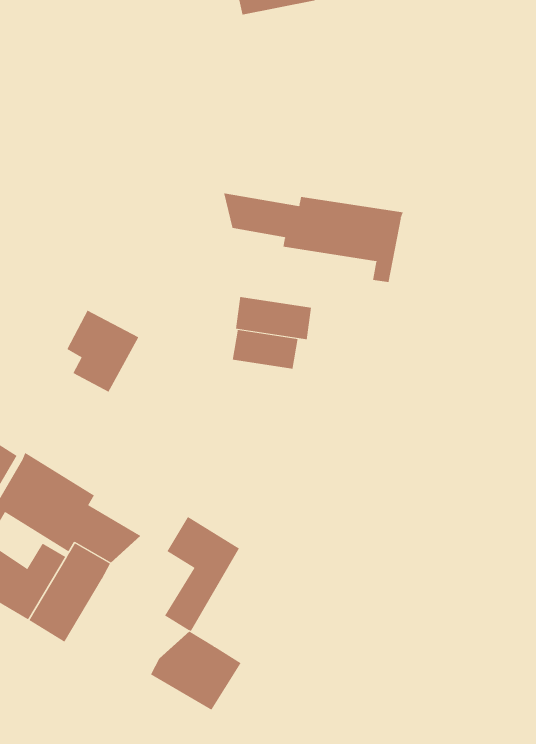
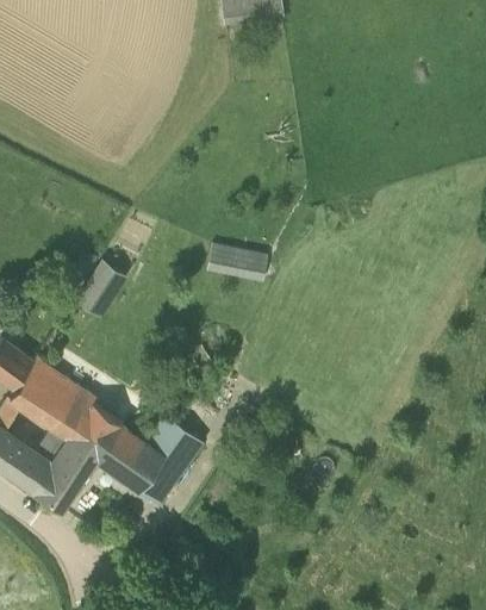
building: [223,192,404,283] -> none
building: [232,329,298,369] -> none
building: [150,631,241,711] -> [92,429,163,492]

